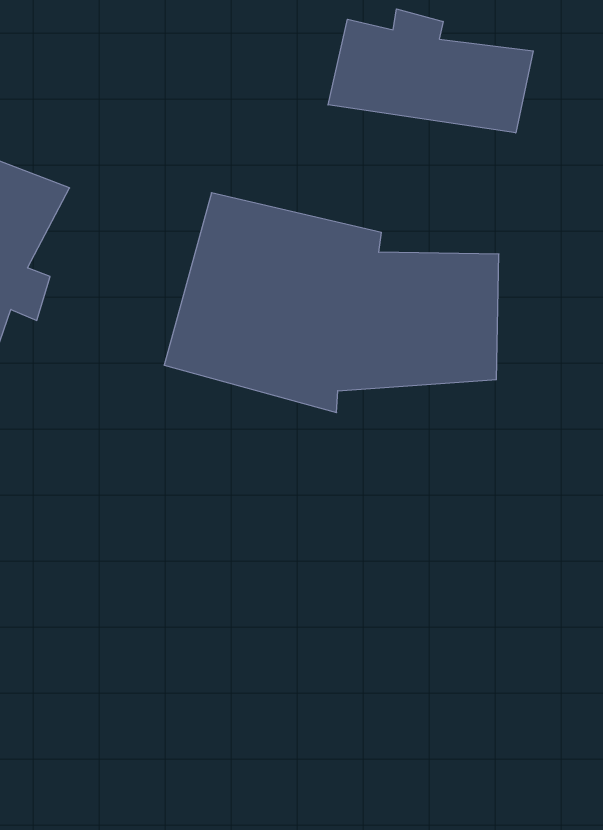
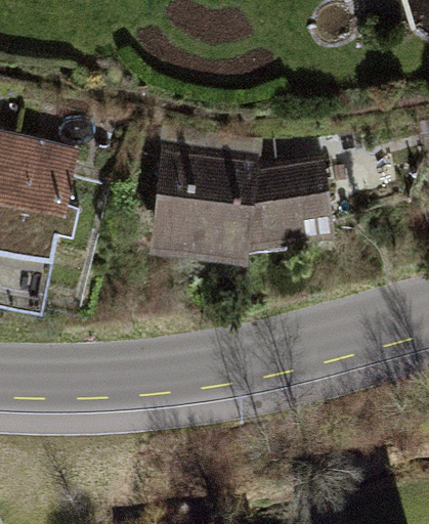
building: [328,9,533,133] -> none

